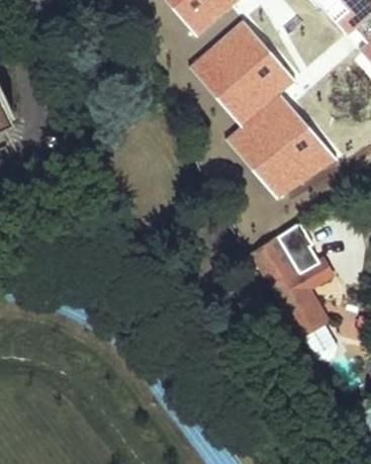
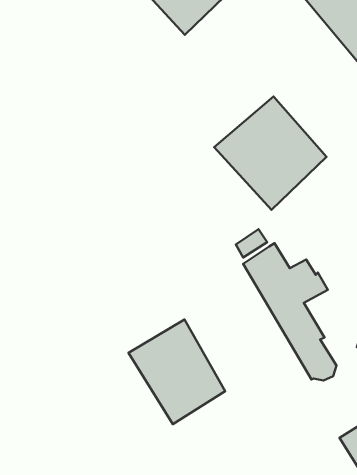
building: [188,18,293,124] -> none
building: none -> [128,320,225,424]

